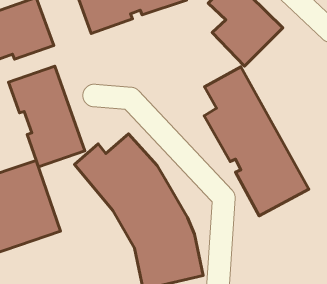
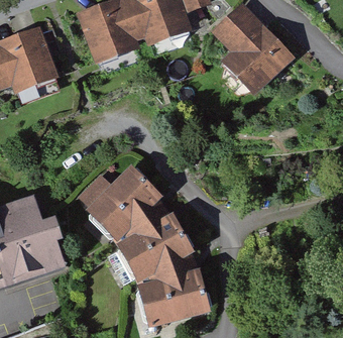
building: [8,66,85,167] -> none
building: [204,67,309,216] -> none

